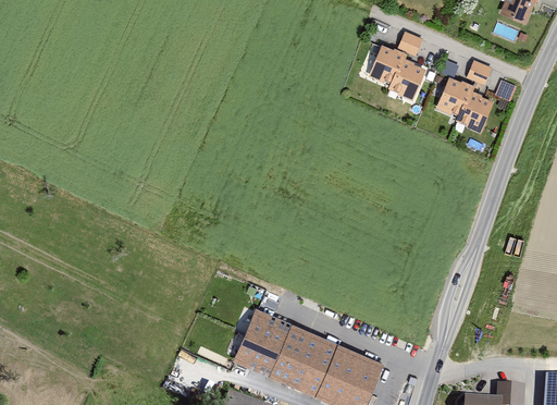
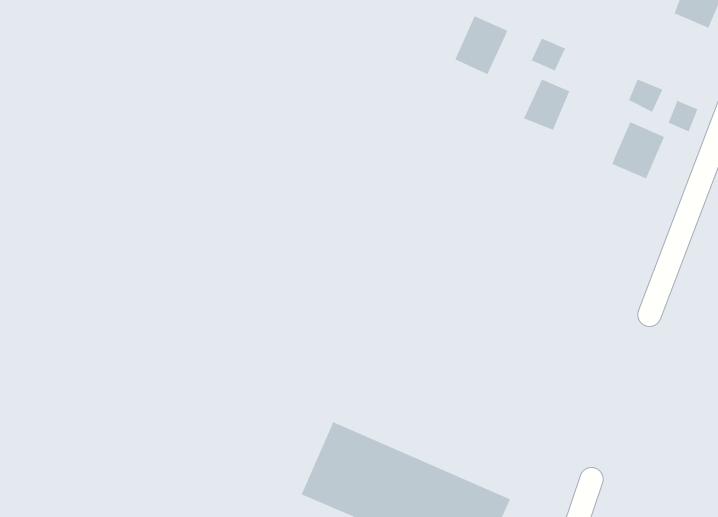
building: [368,48,406,90] -> [454,15,508,75]
building: [436,79,470,118] -> none

